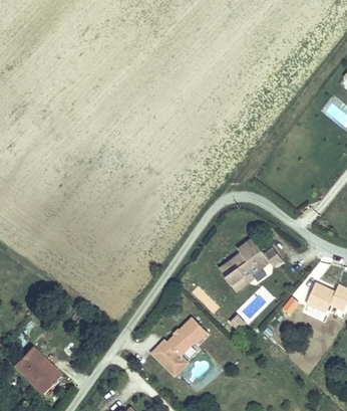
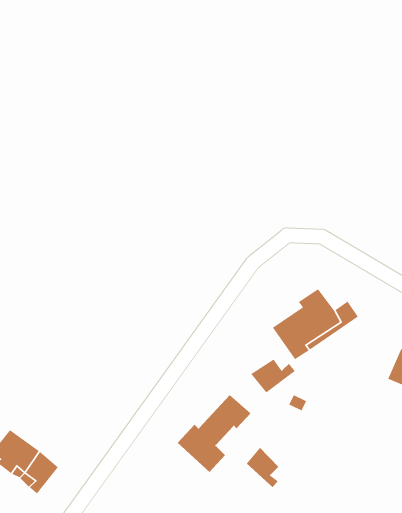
building: none -> [250,359,296,393]
building: none -> [246,447,279,488]

